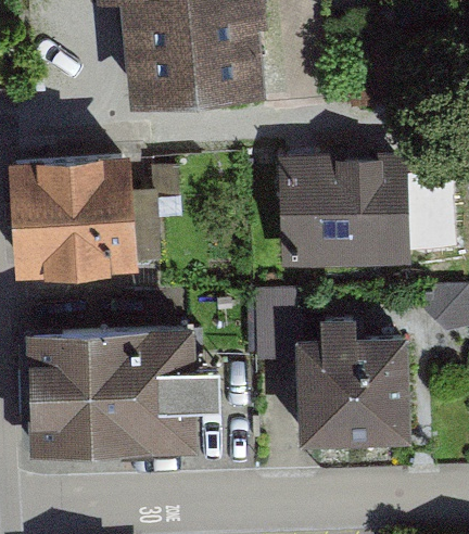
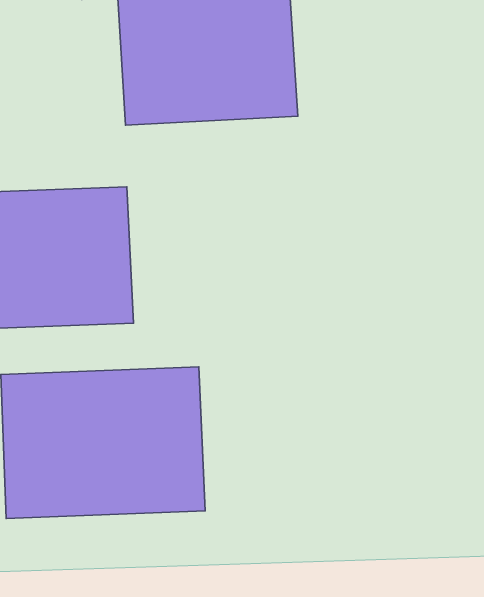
building: [281,161,415,277] -> none
building: [294,307,406,435] -> none

